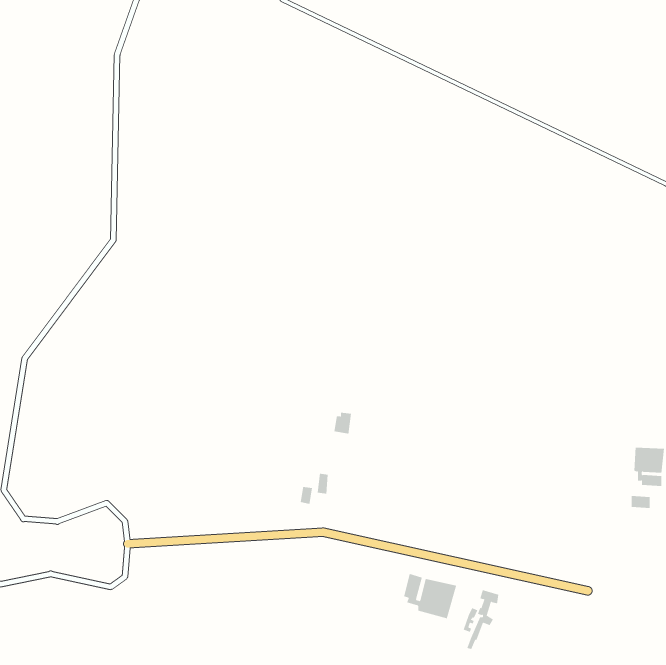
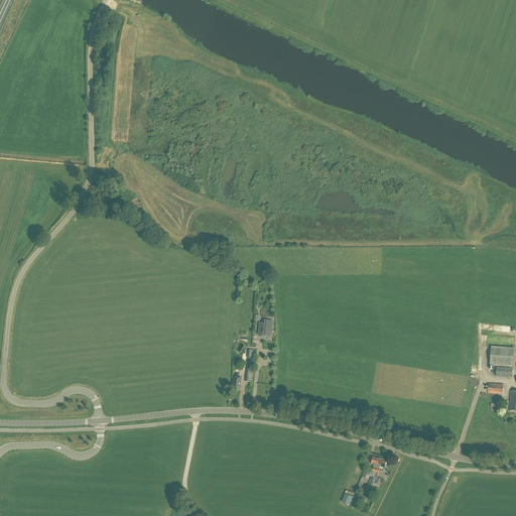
building: [403,573,457,619] -> none

